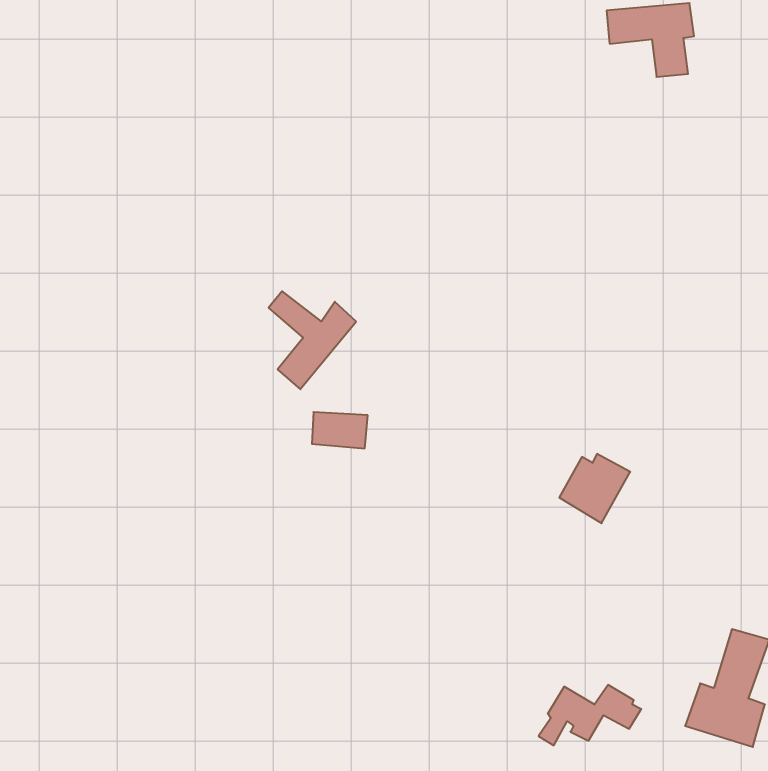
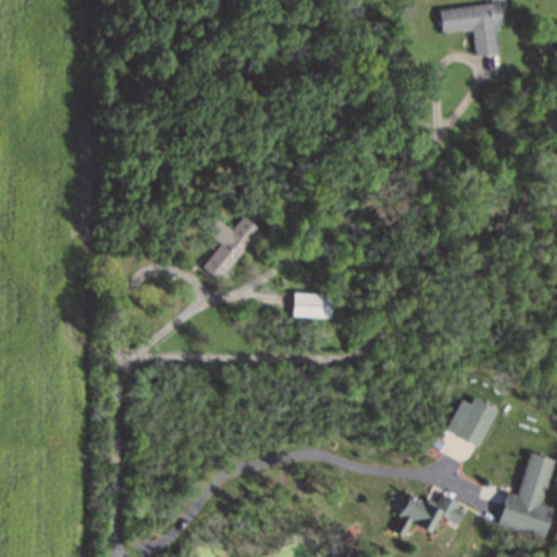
building: [312,412,368,448] -> [294,294,334,320]
building: [559,454,630,523] -> [446,398,497,448]

